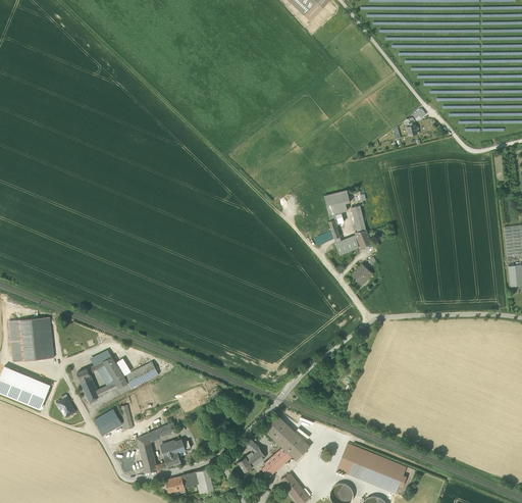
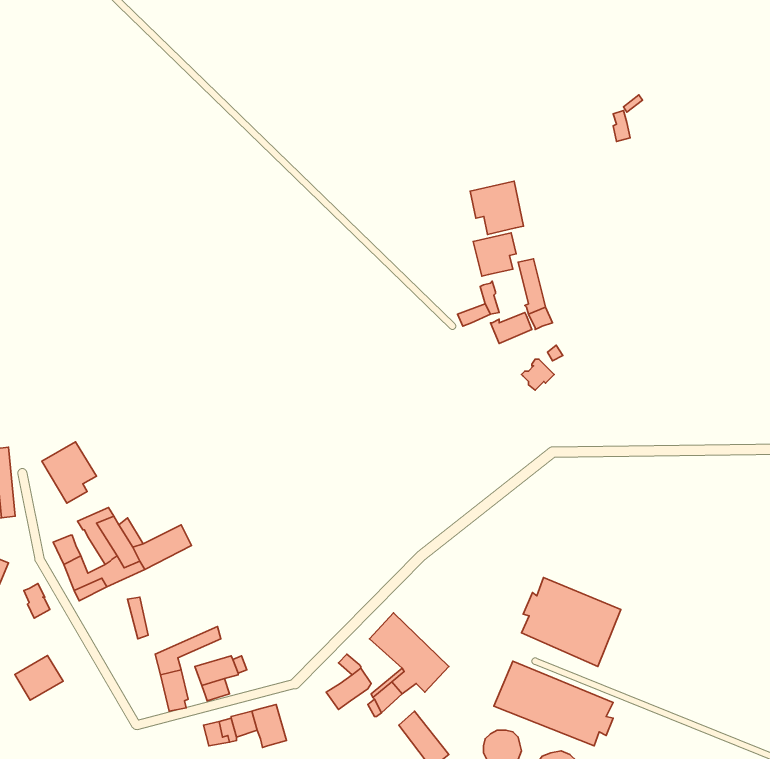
building: none -> [470,181,524,235]
building: none -> [42,442,96,503]
building: none -> [522,577,621,666]
building: [94,409,122,436] -> [15,655,63,700]

